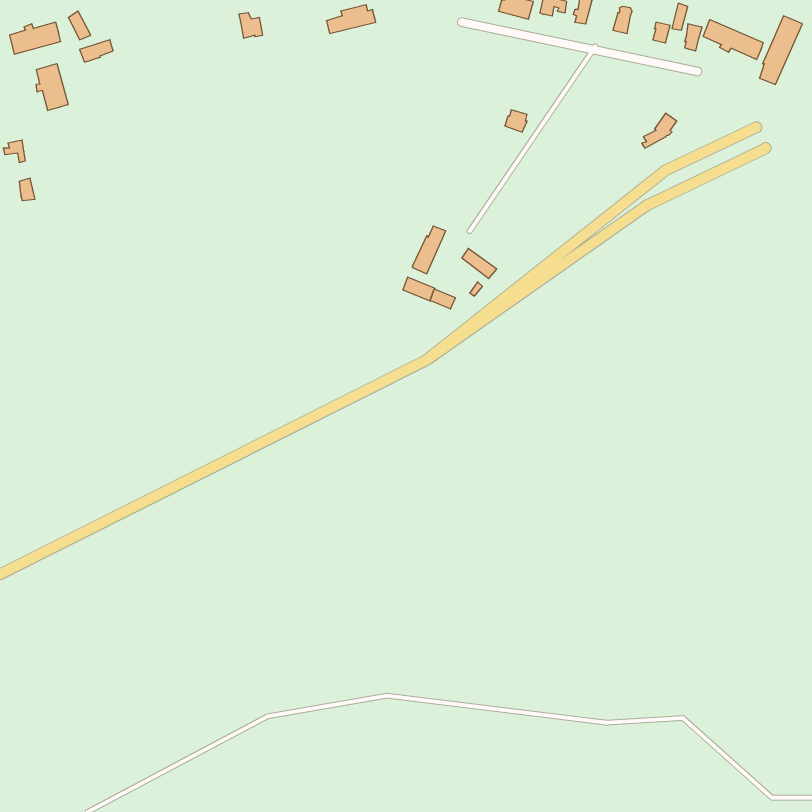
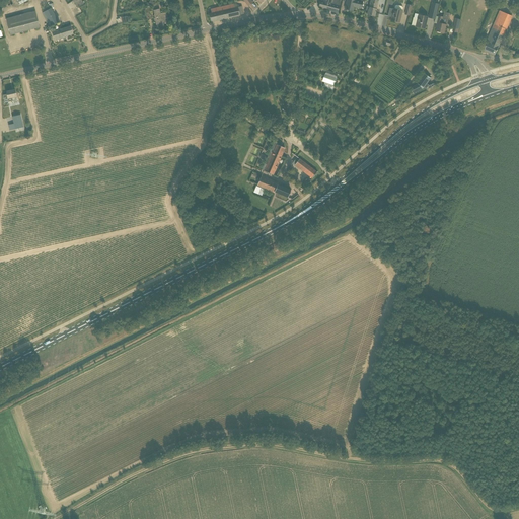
building: [703,20,763,60] -> none
building: [36,64,68,111] -> none

